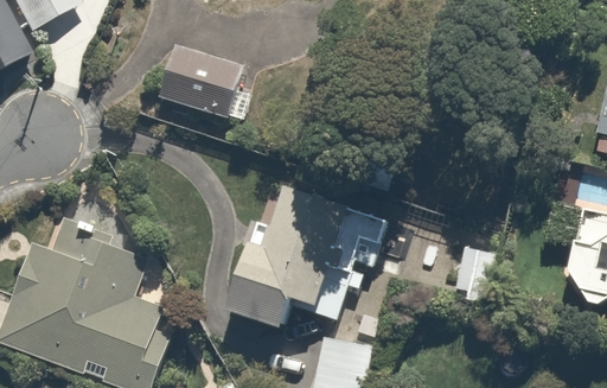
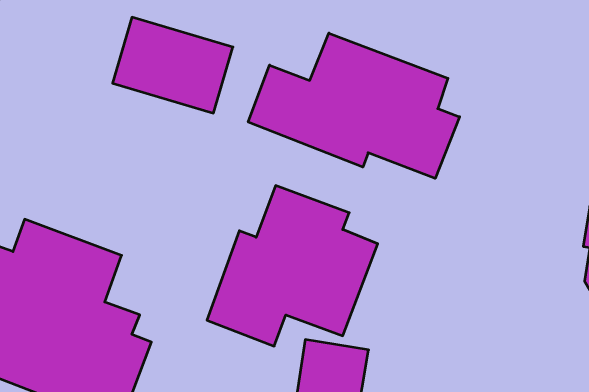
building: none -> [248,33,460,178]

